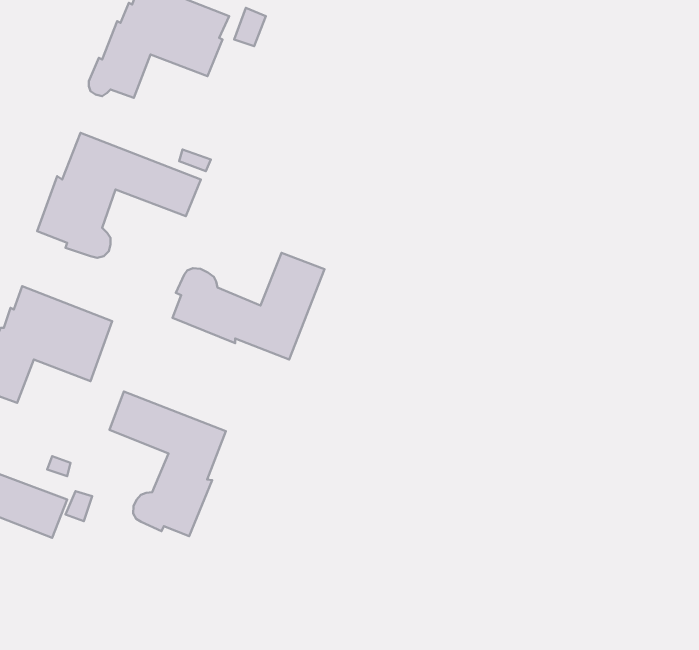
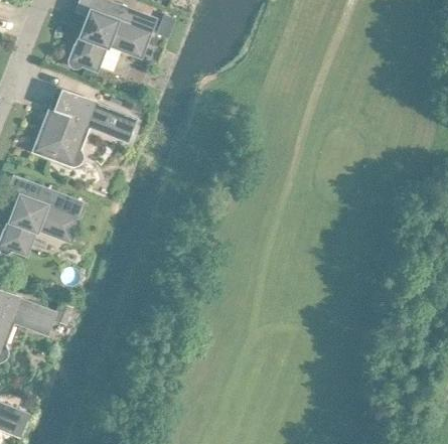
building: [172,253,324,359] -> none
building: [110,391,226,536] -> none

